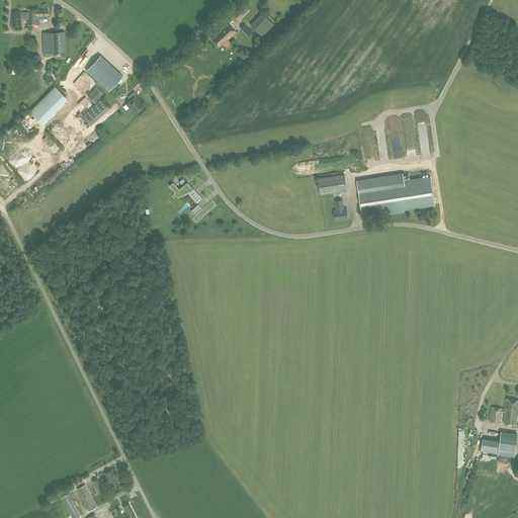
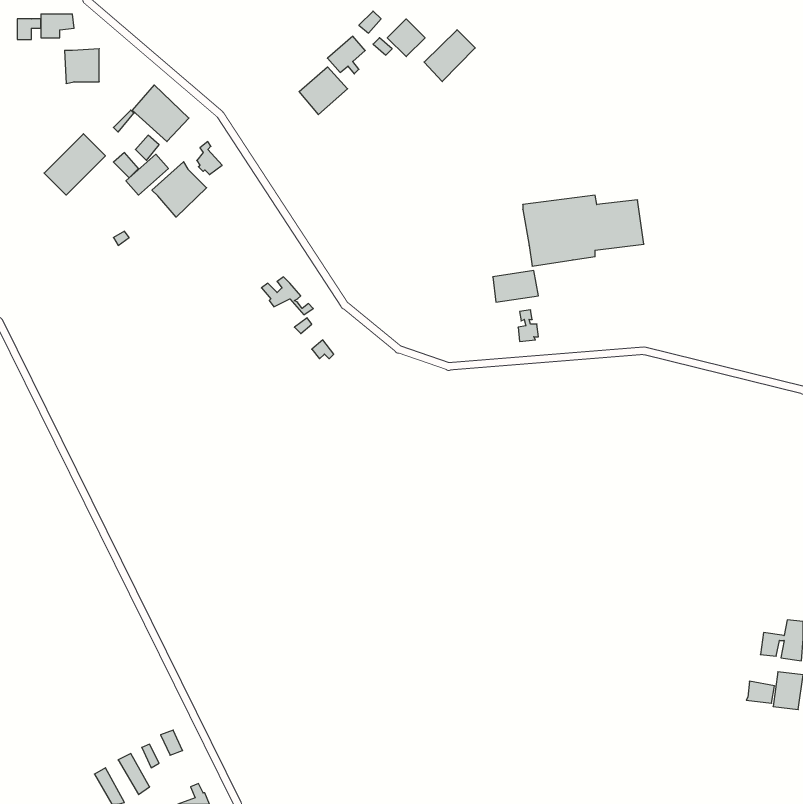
building: none -> [424,30,475,82]
building: none -> [299,67,348,115]
building: none -> [152,162,207,217]
building: [356,173,434,219] -> [523,195,644,266]

